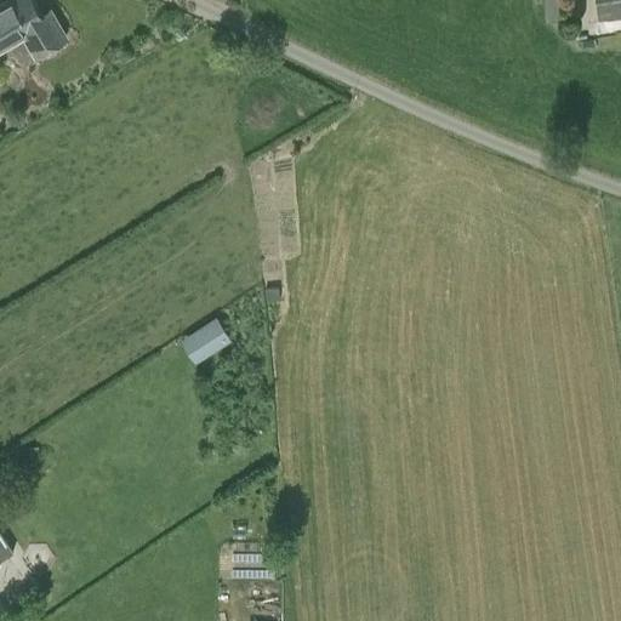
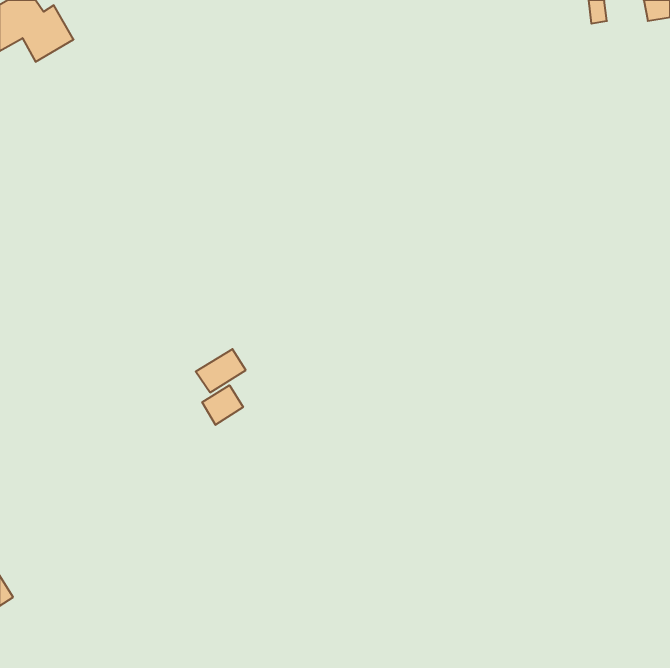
building: none -> [202,385,243,425]

